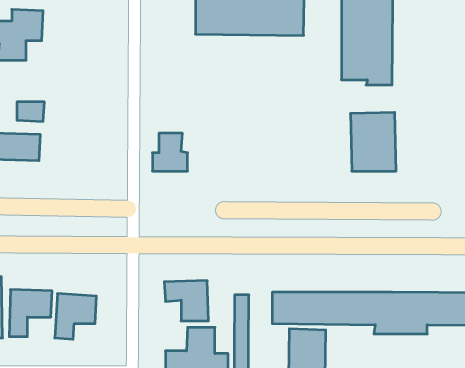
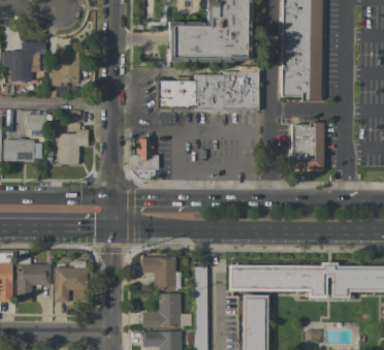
building: none -> [49,52,79,87]
building: none -> [156,72,259,109]
building: none -> [58,129,88,164]

